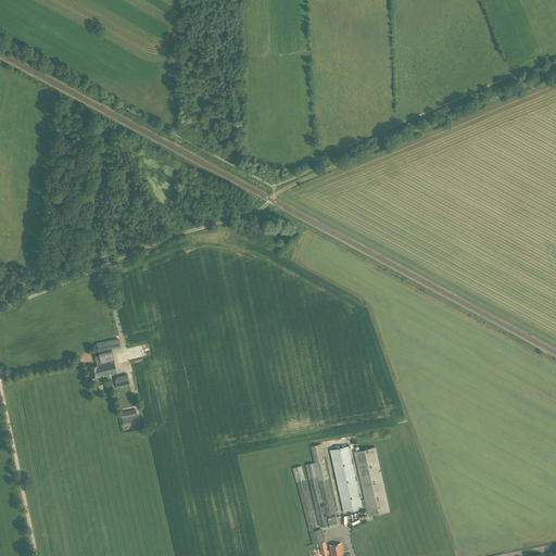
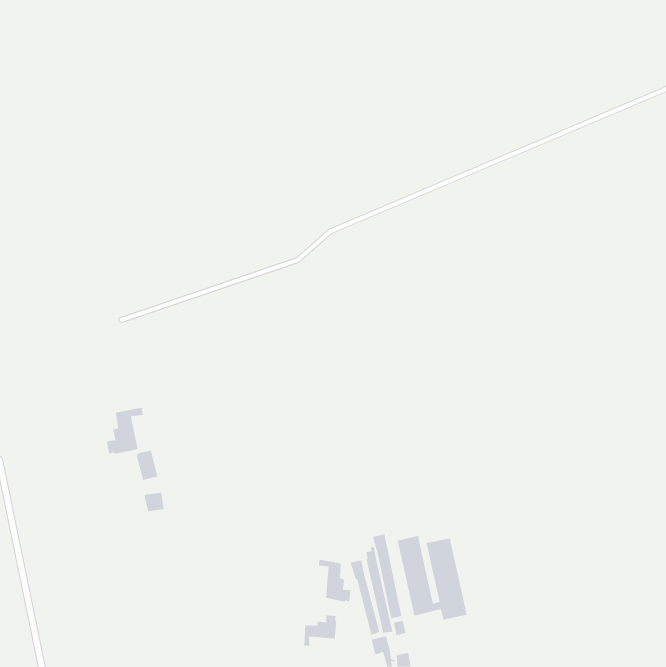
building: none -> [319,559,351,602]
building: none -> [304,615,337,647]

